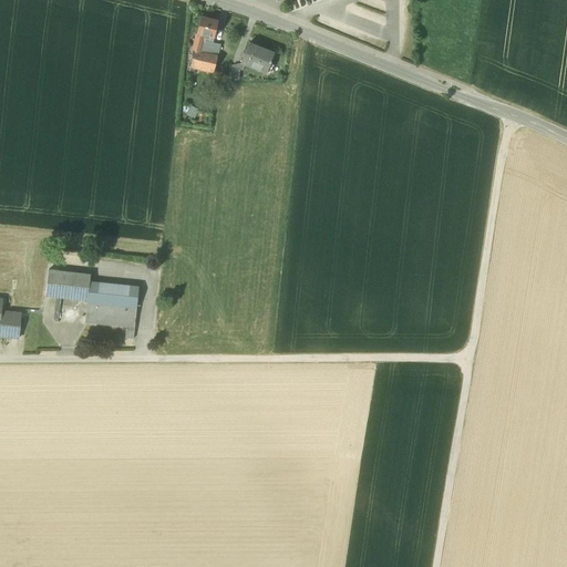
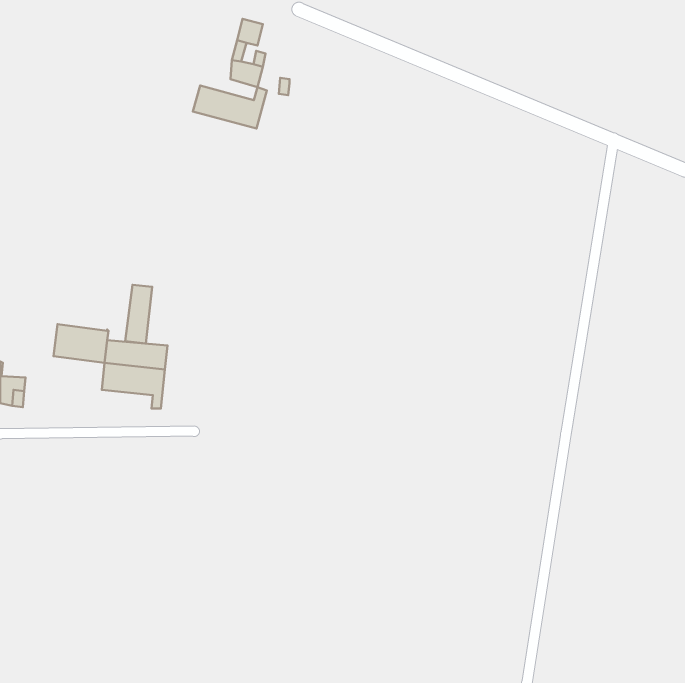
building: [240,42,274,73] -> none
building: none -> [193,86,267,129]
building: none -> [125,285,152,344]

